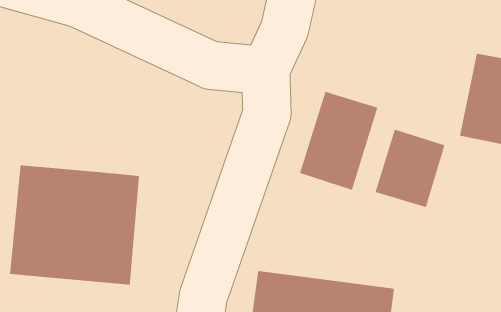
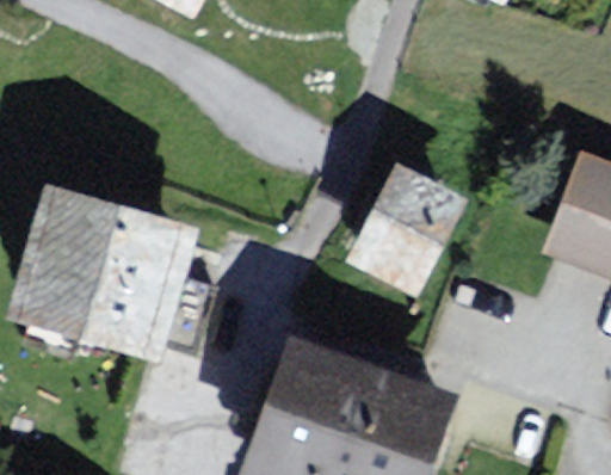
building: [375,129,445,208] -> none

